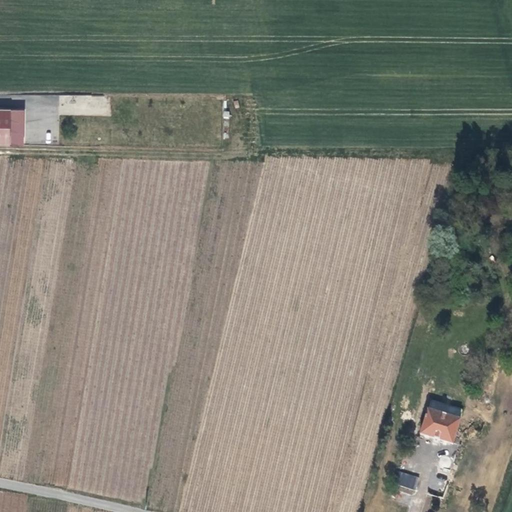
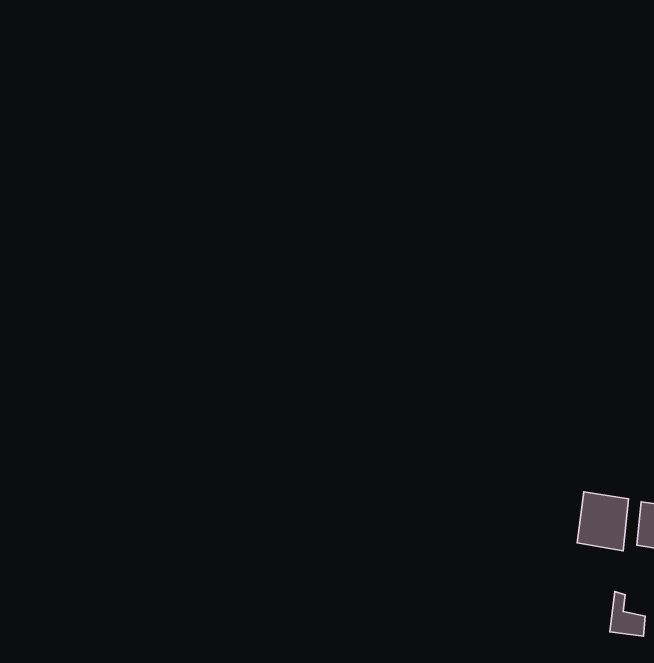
building: none -> [577,492,628,551]

